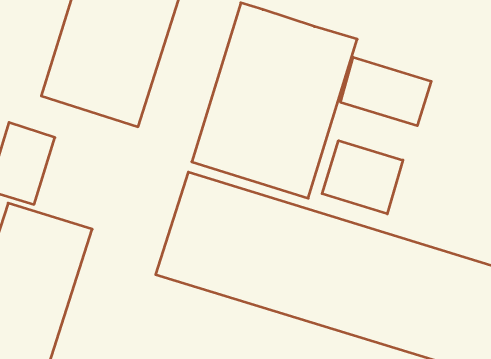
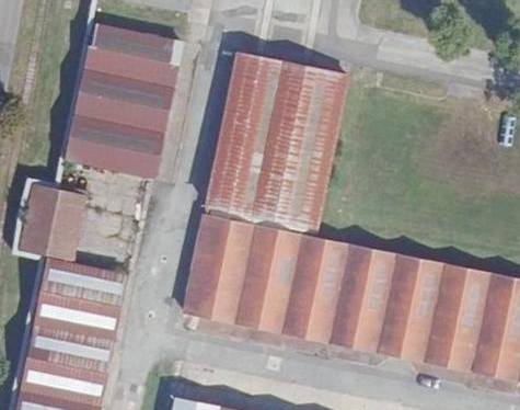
building: [341,57,431,126] -> none
building: [322,141,403,214] -> none

